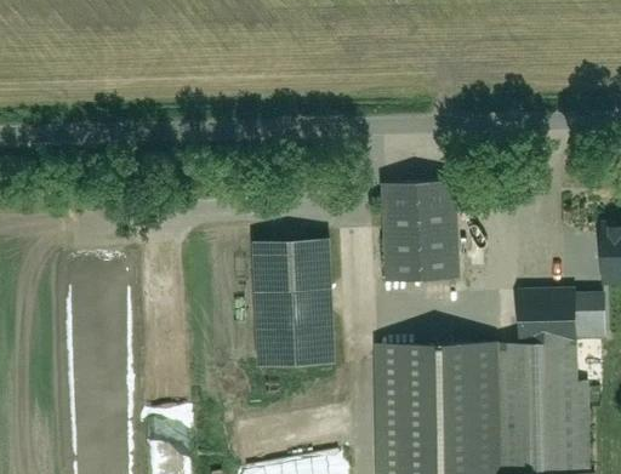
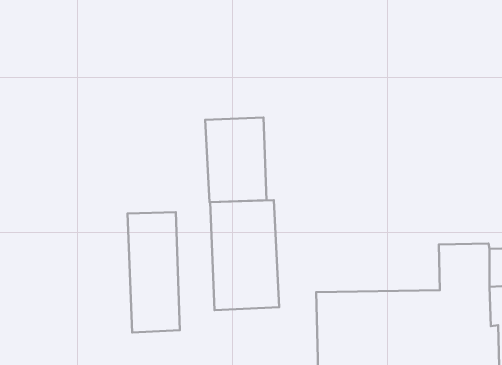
building: [383,183,454,280] -> [205,118,267,202]
building: none -> [127,212,180,332]

